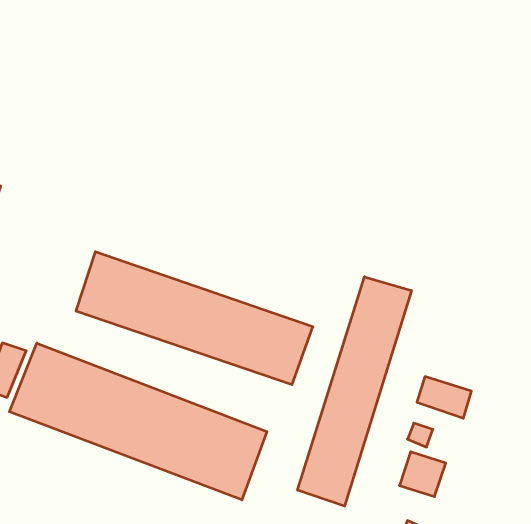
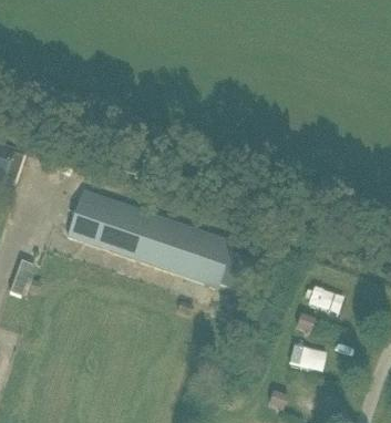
building: [298,277,411,506] -> none
building: [9,343,267,500] -> none

